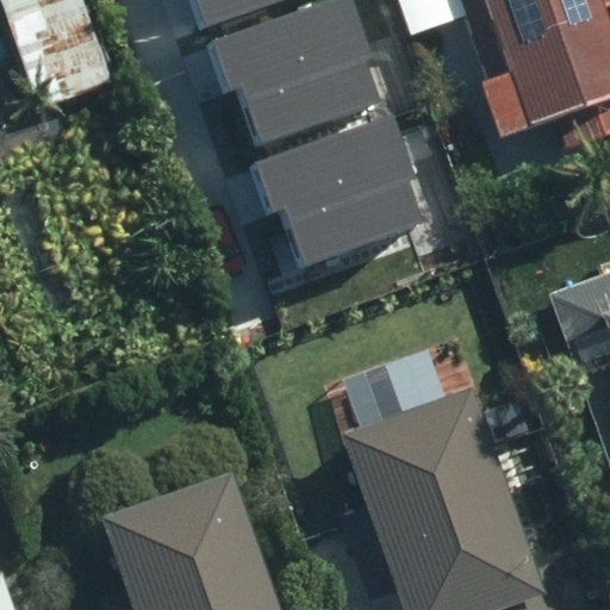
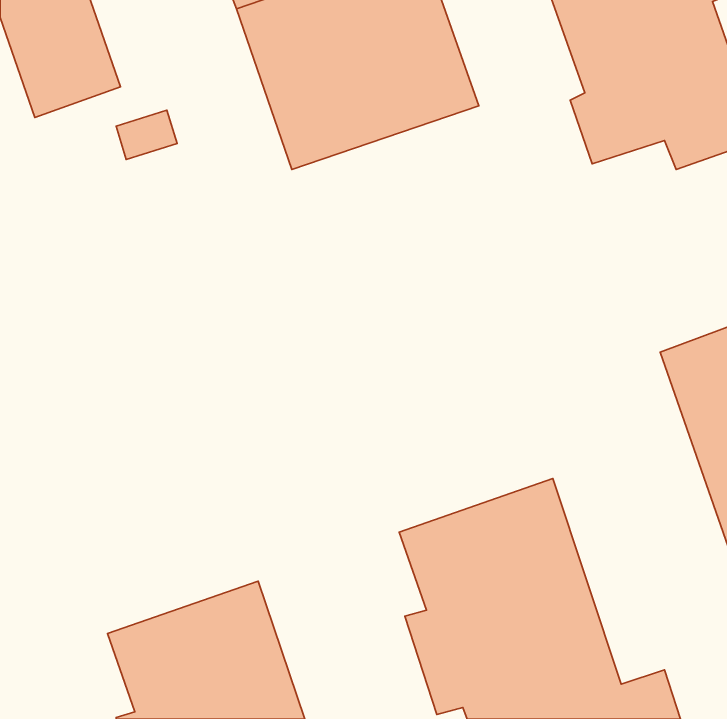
building: [251,87,450,272] -> none

